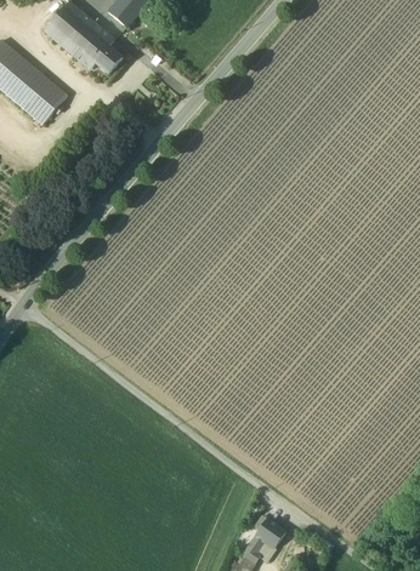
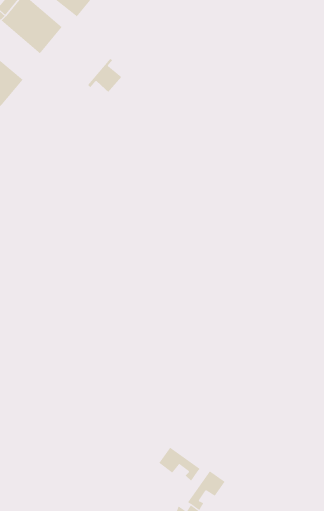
building: [86,38,124,75] -> [87,58,122,93]
building: none -> [159,447,200,481]

